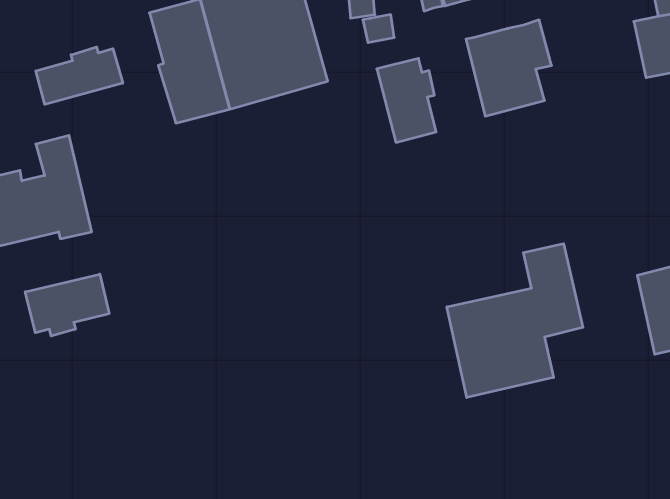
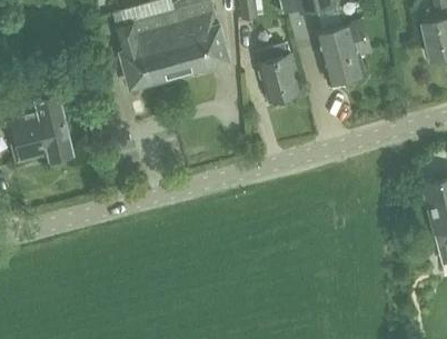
building: [36,47,123,104] -> none
building: [447,244,583,398] -> none
building: [25,274,109,336] -> none

